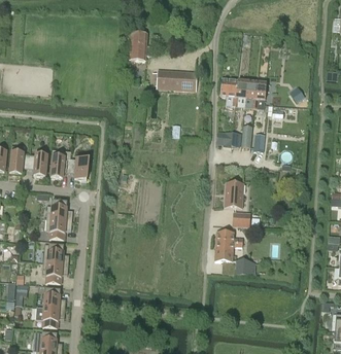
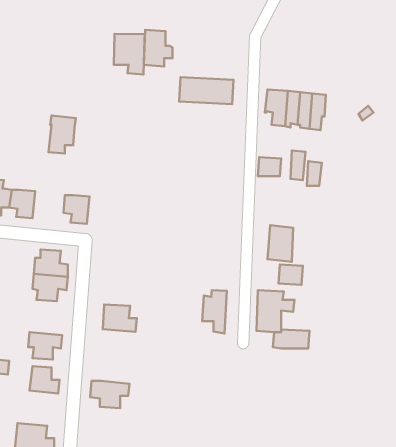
building: none -> [114,34,145,75]
building: [50,148,71,177] -> [49,115,76,153]
building: none -> [202,290,227,333]
building: [43,243,69,263] -> [103,305,137,332]
building: [35,306,65,326] -> [90,381,130,408]

